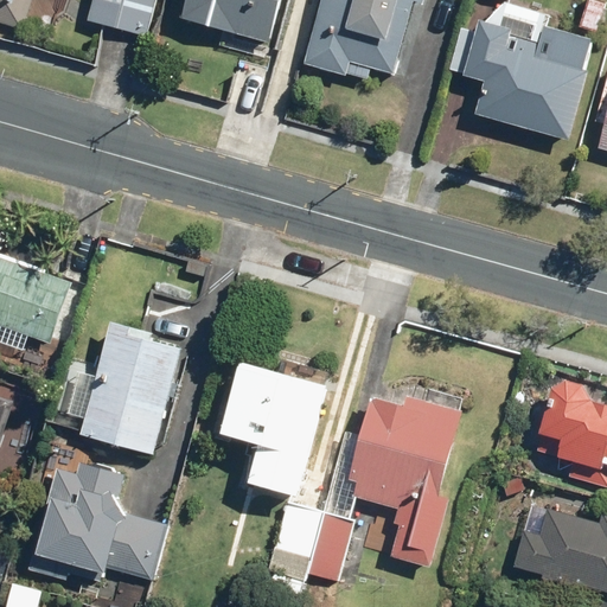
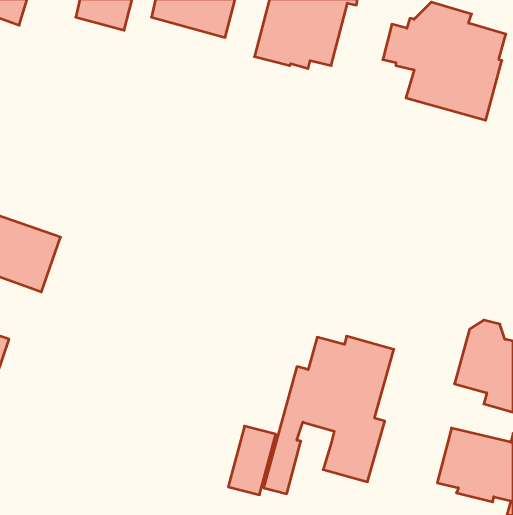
building: [78,319,181,454] -> none
building: [222,360,328,496] -> none
building: [26,460,170,581] -> none

